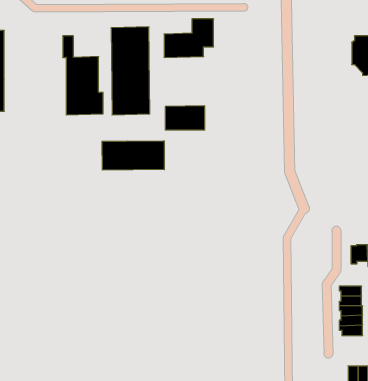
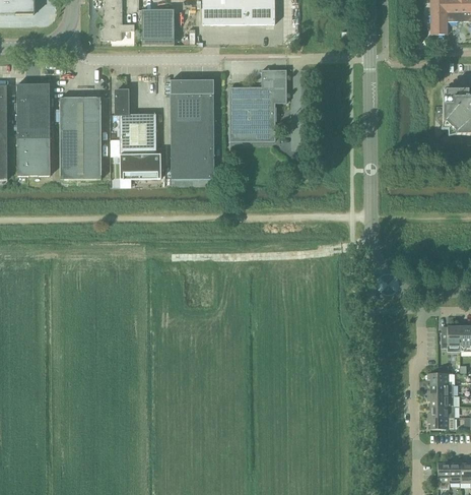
building: none -> [59,97,100,179]
building: [165,106,205,130] -> [229,113,274,140]
building: [102,141,164,170] -> none

